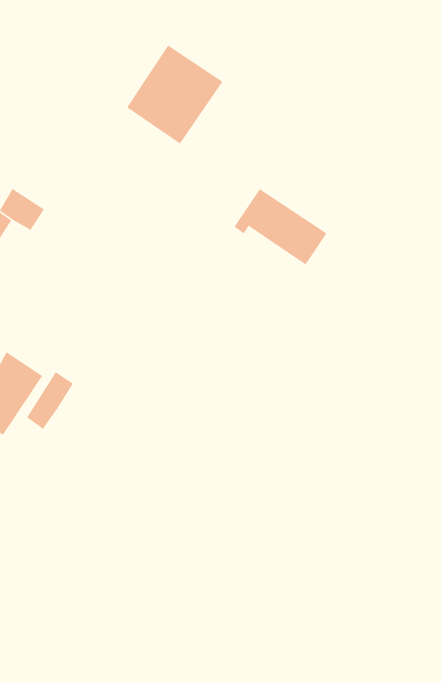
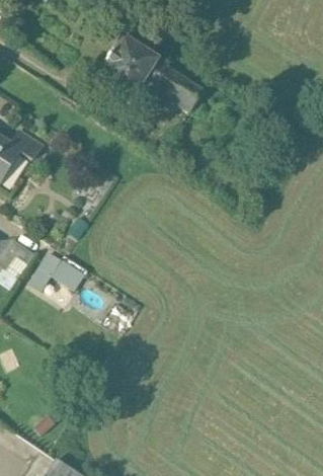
building: [233,188,327,265] -> [141,60,203,110]
building: none -> [50,258,84,290]

